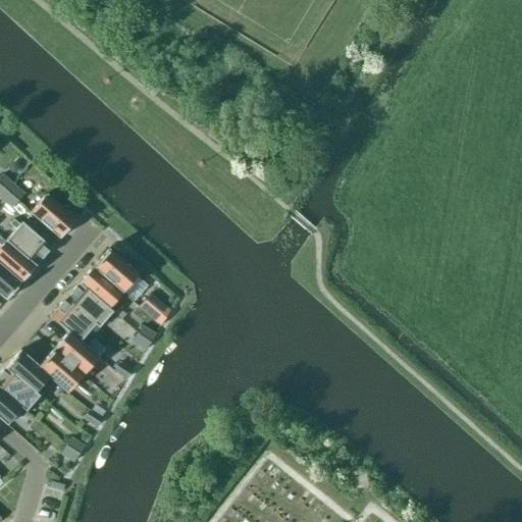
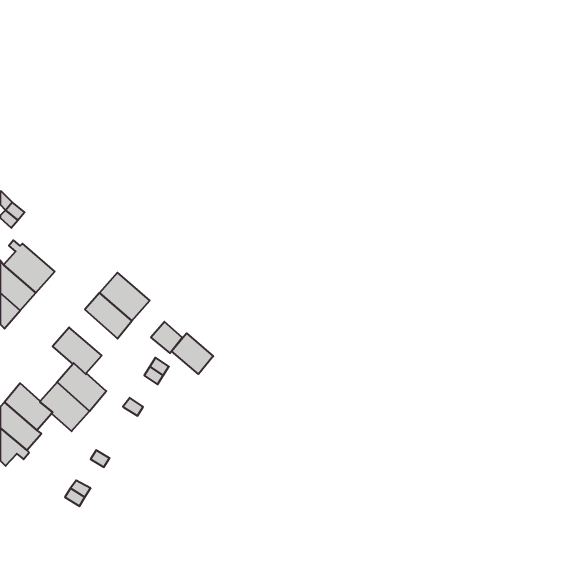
building: [32,194,77,239] -> none
building: [66,282,114,328] -> none
building: none -> [172,333,213,374]

